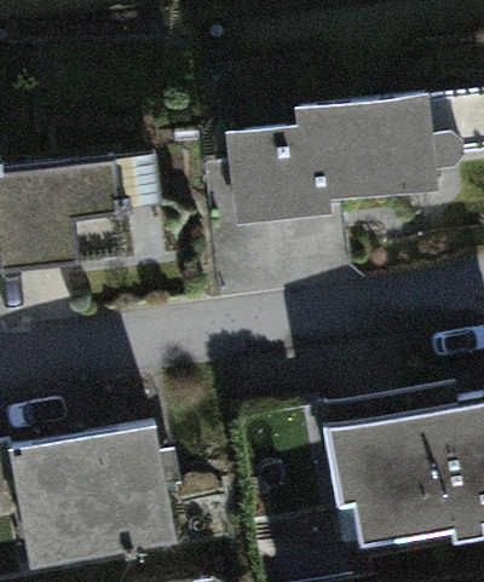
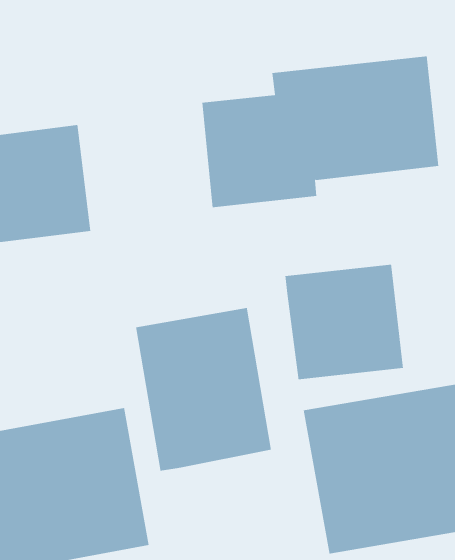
building: none -> [285,264,403,380]
building: none -> [135,307,272,471]

